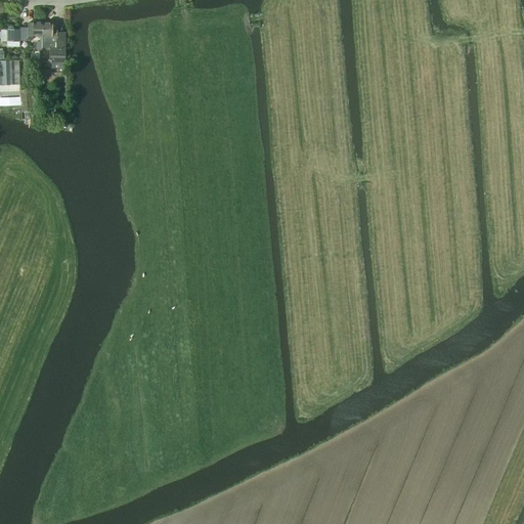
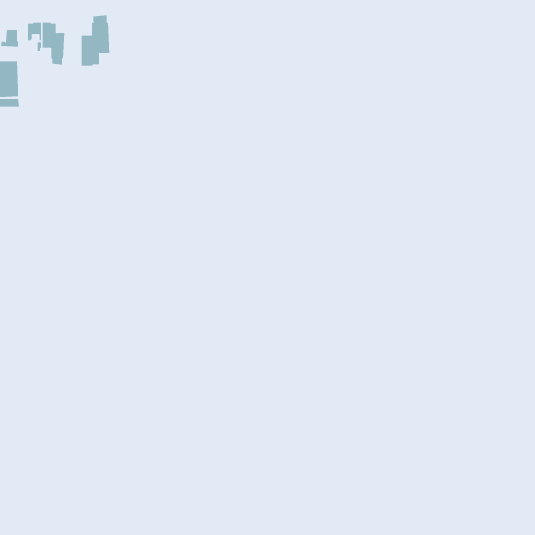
building: none -> [81,15,110,67]

